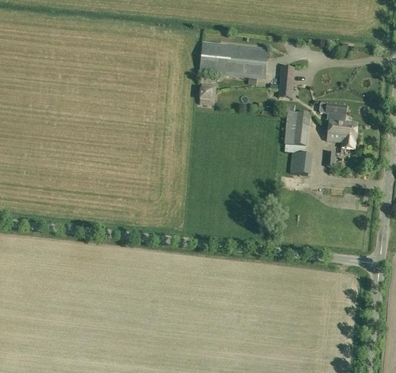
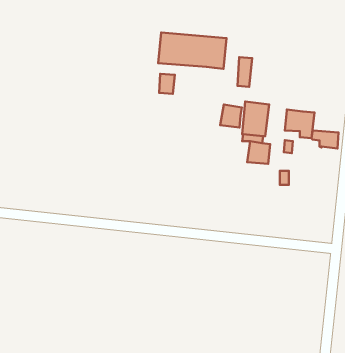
building: [319,103,346,121] -> [312,131,338,148]
building: none -> [220,105,242,128]

